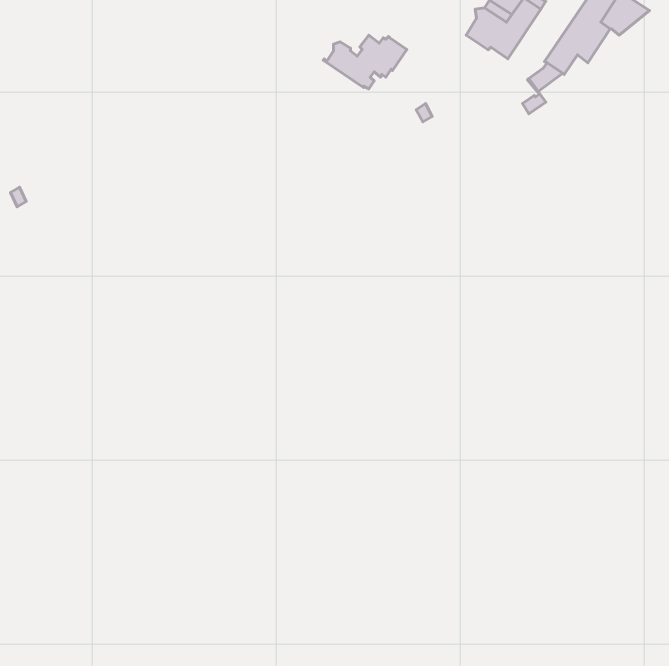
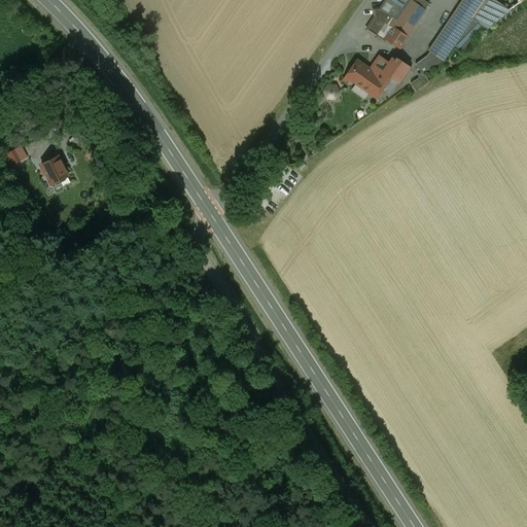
building: [323,35,407,89] -> [345,55,411,97]
building: none -> [41,153,69,183]

